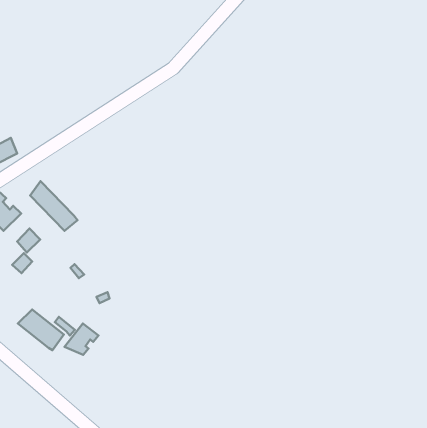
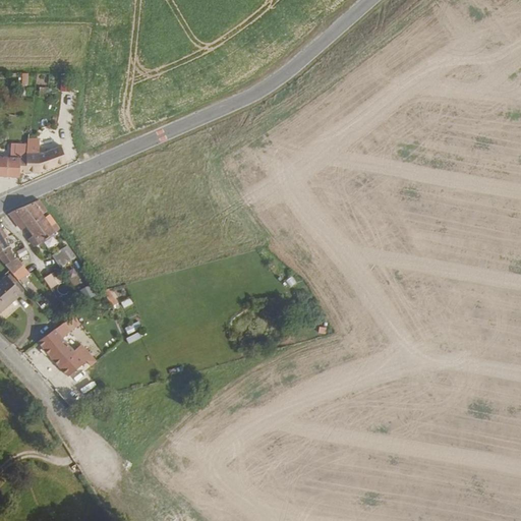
building: [30,181,77,231] -> none
building: [65,324,98,355] -> none

